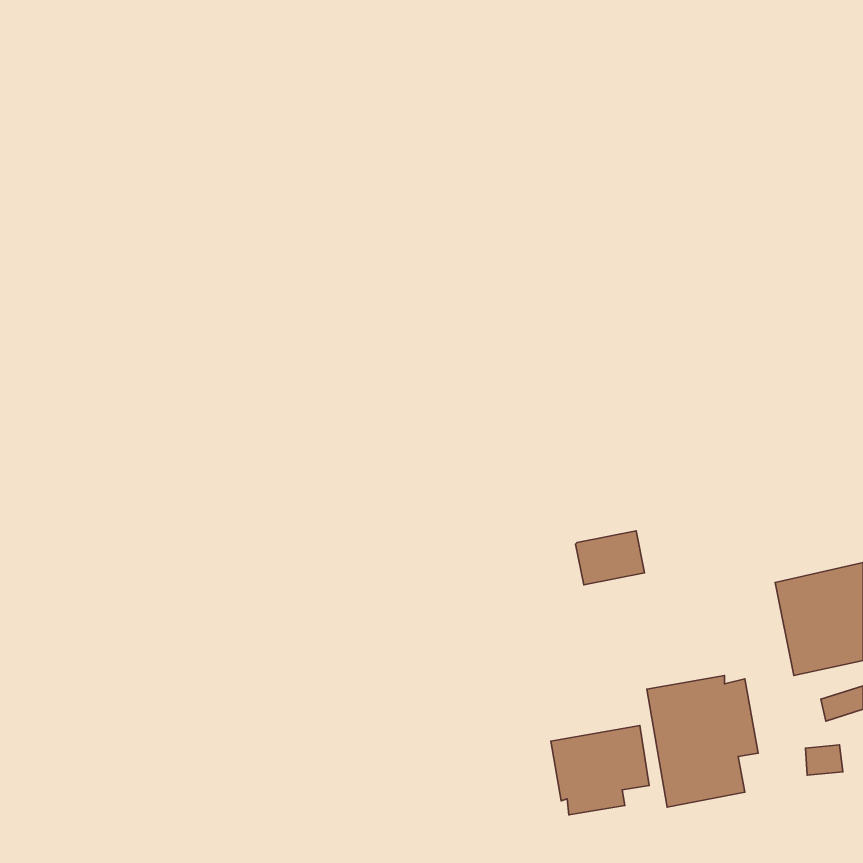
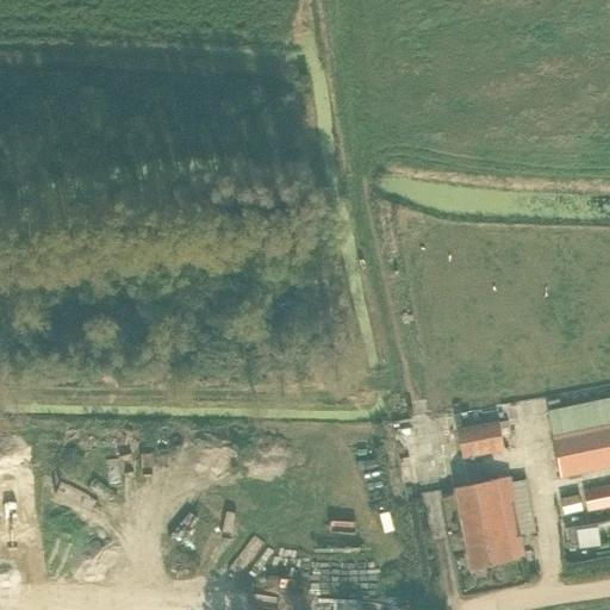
building: [575,531,645,585] -> [455,421,504,459]
building: [551,725,649,815] -> none

